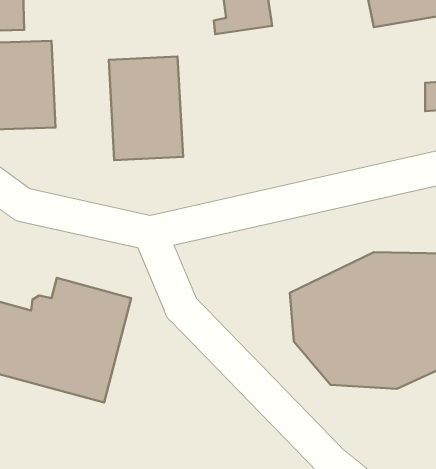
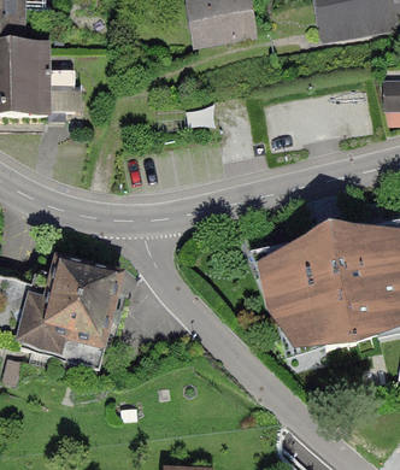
building: [109,57,183,160] -> none

